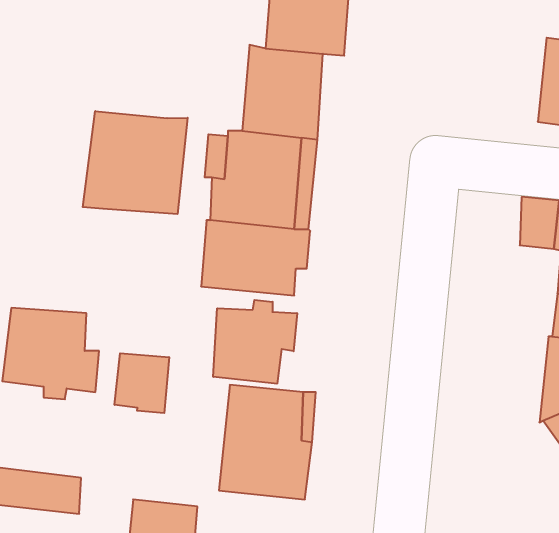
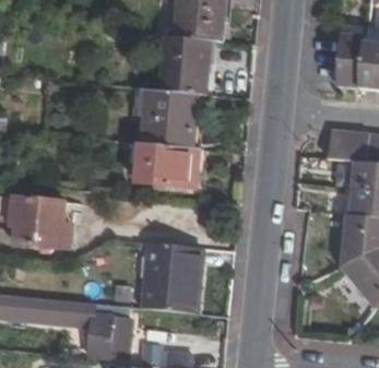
building: [83,111,188,214] -> none
building: [213,300,297,384] -> none
building: [115,353,169,413] -> none

